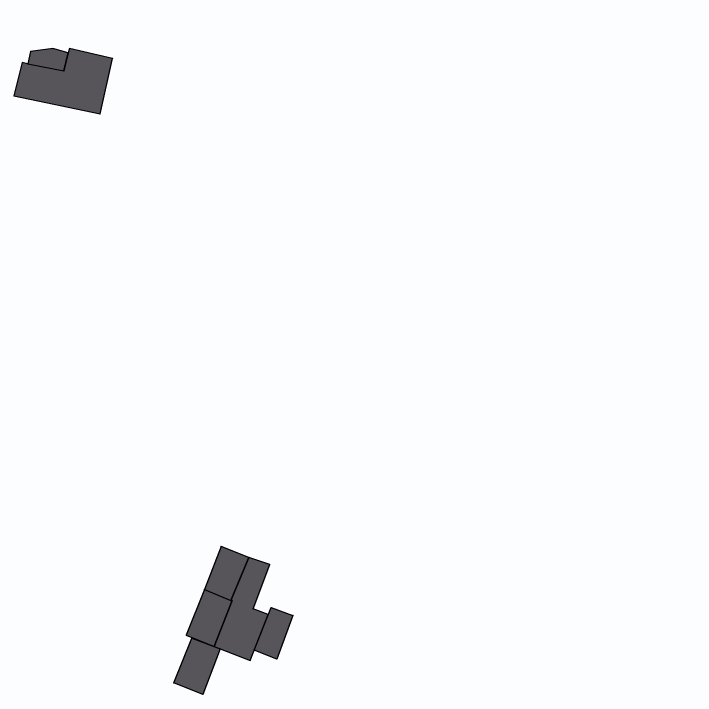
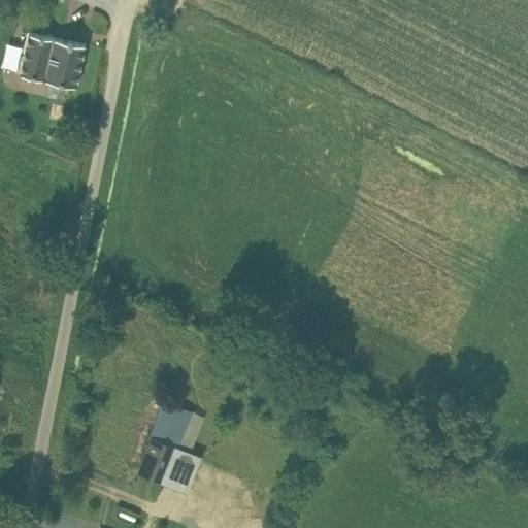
building: [254,608,293,659] -> none
building: [174,638,220,694] -> none

